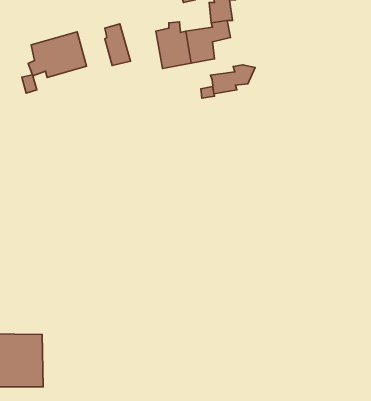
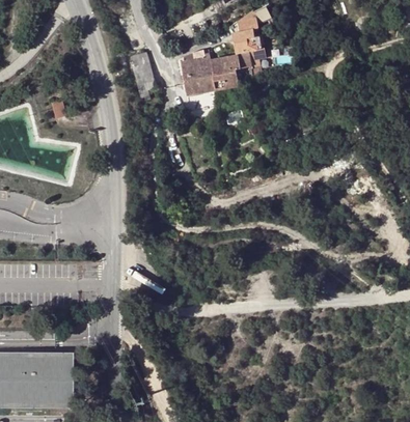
building: [28,32,86,78] -> none
building: [211,65,255,94] -> none

